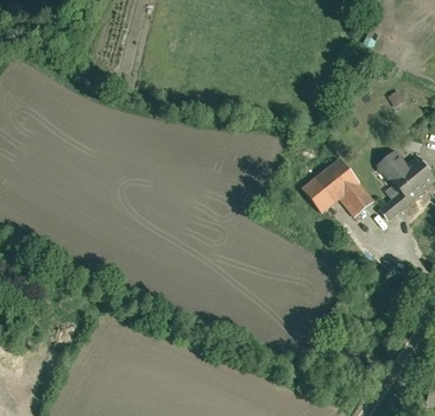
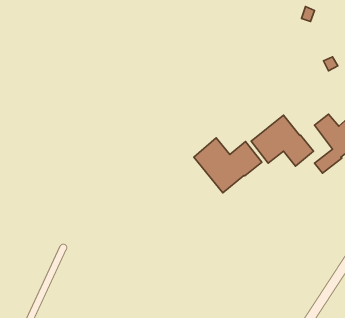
building: none -> [194,138,262,193]

